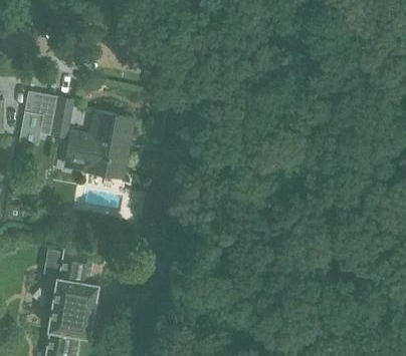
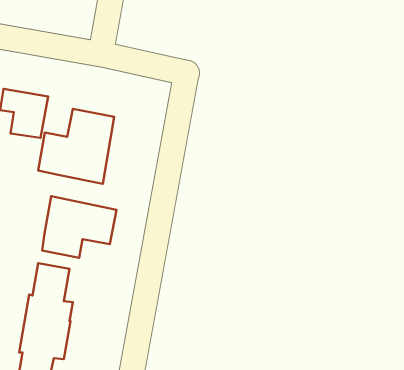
building: none -> [42,196,116,258]

